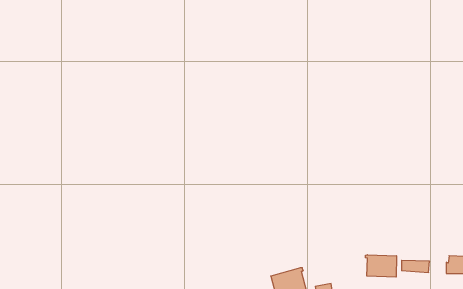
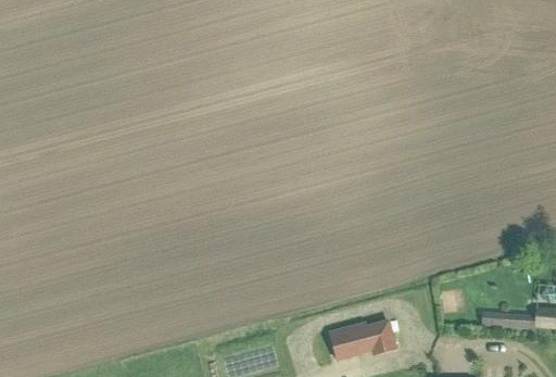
building: [365,255,396,277] -> none

